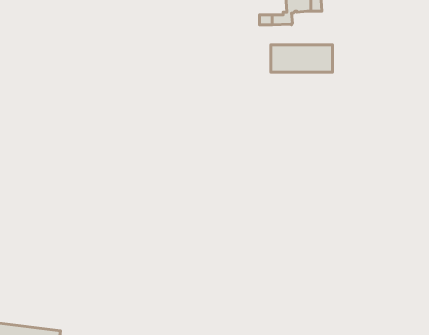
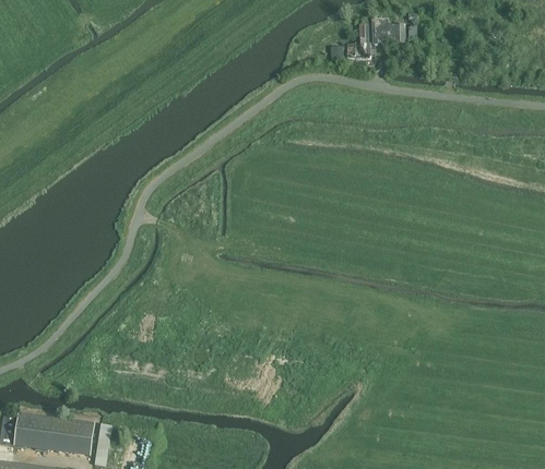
building: [271,45,332,72] -> none

